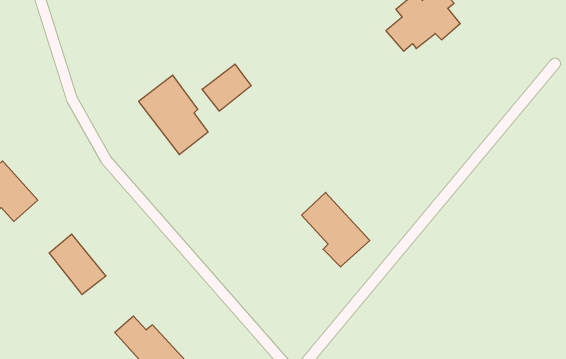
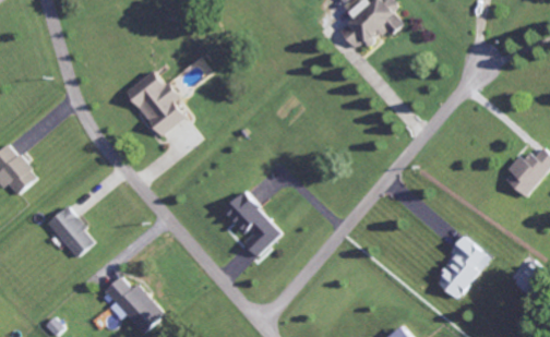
building: [202,64,251,111] -> none
building: [302,192,370,267] -> [223,192,282,256]
building: none -> [434,237,489,300]

